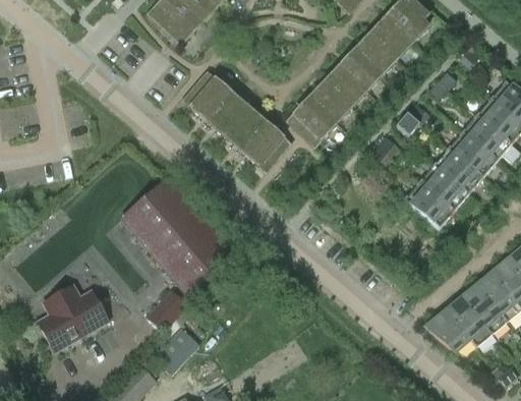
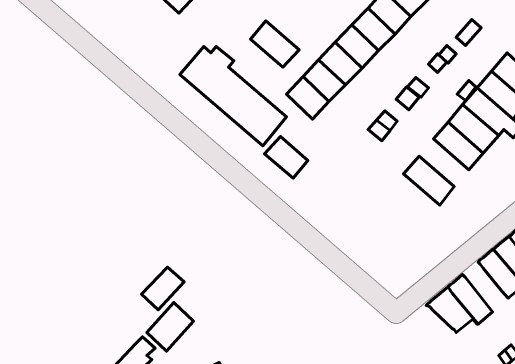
building: none -> [251,21,299,67]
building: none -> [265,137,308,178]
building: [419,163,468,210] -> none
building: [121,177,232,292] -> none
building: [38,284,108,349] -> none
building: [462,284,507,333] -> none

